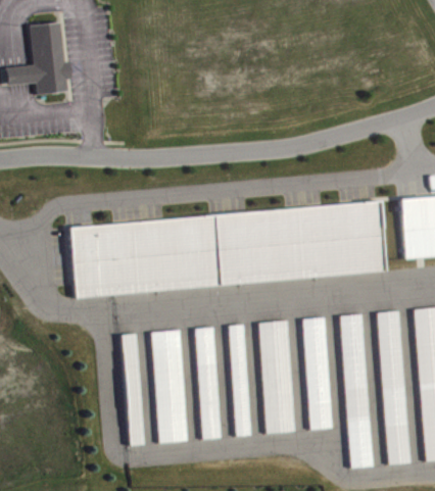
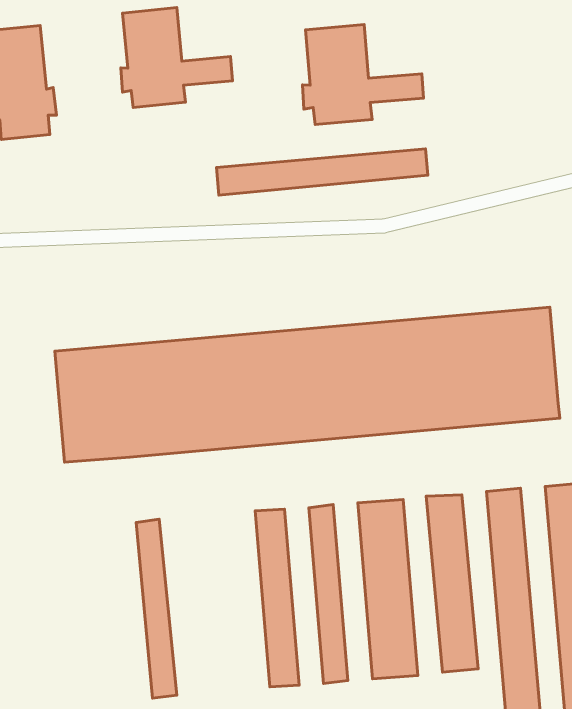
building: none -> [121,7,232,107]
building: none -> [302,24,423,124]
building: none -> [217,149,428,195]
building: [150,329,188,443] -> none

